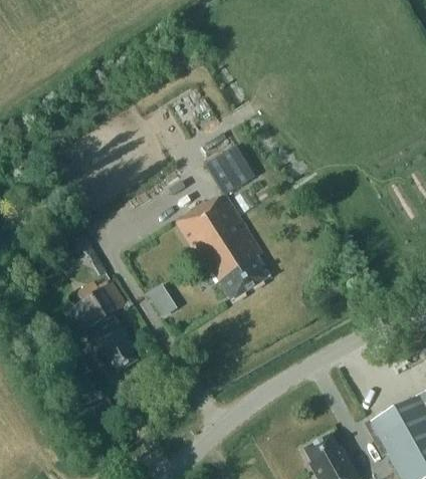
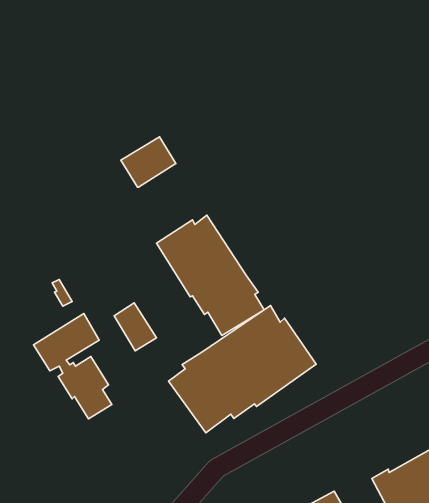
building: [207,154,254,197] -> [121,137,176,187]
building: none -> [168,305,316,433]

